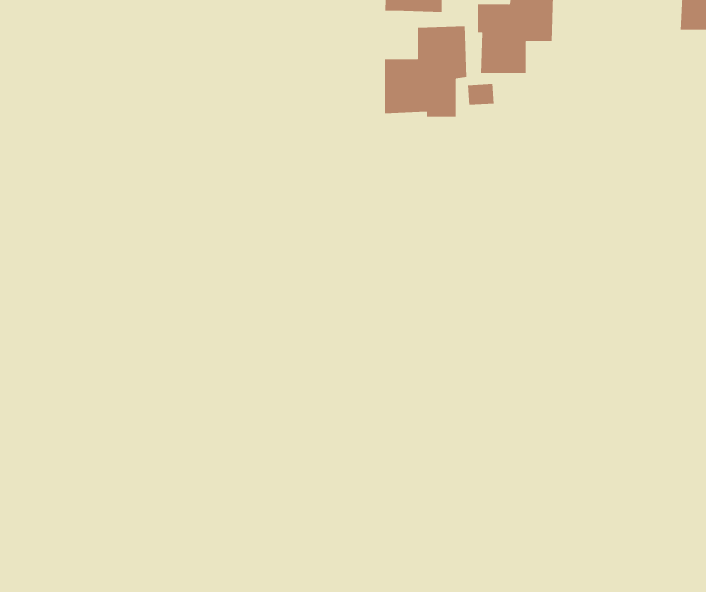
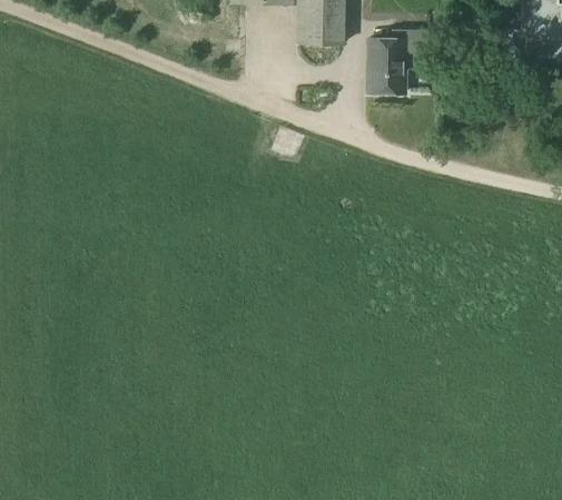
building: [385,26,467,117] -> none

